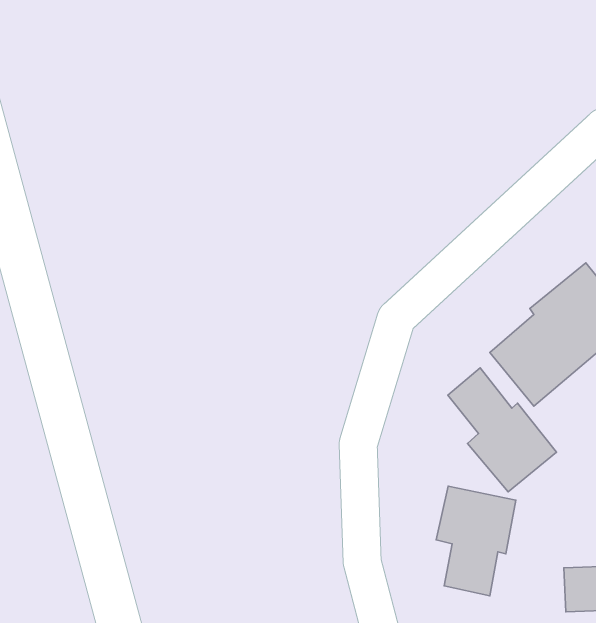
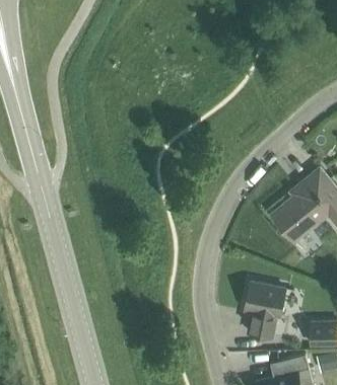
building: [448,368,556,492] -> none

